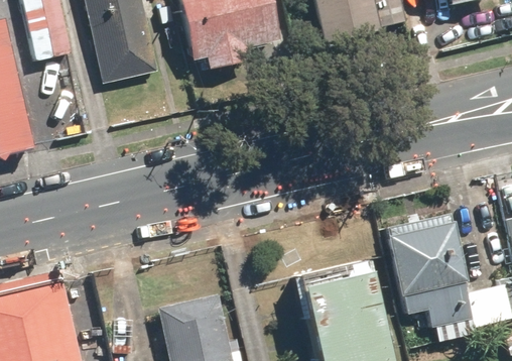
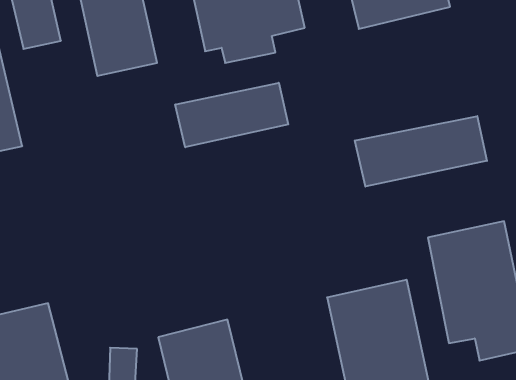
building: none -> [175,83,288,147]
building: none -> [355,116,487,187]

